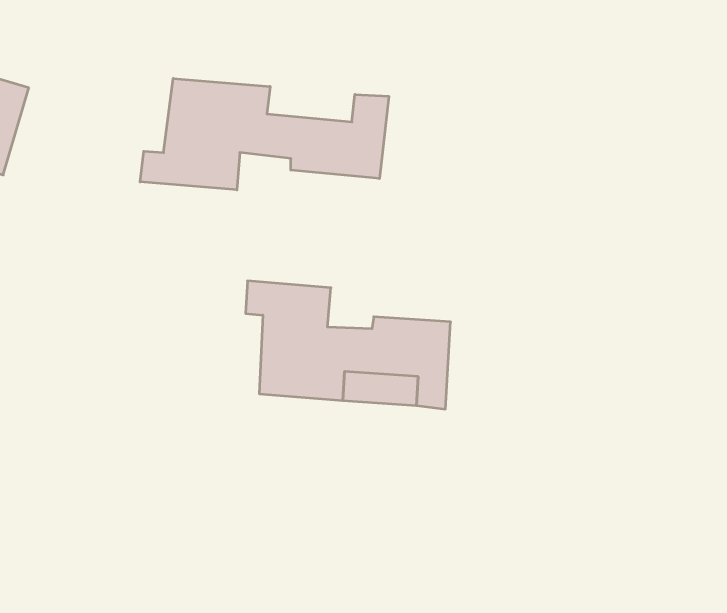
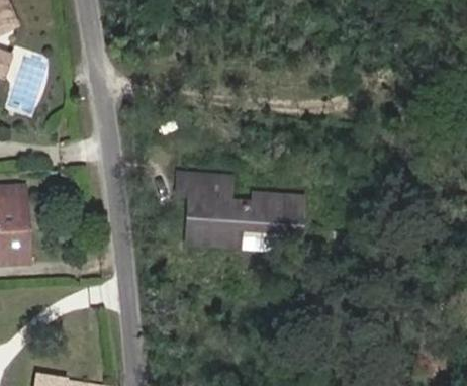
building: [140,78,389,190] -> none

